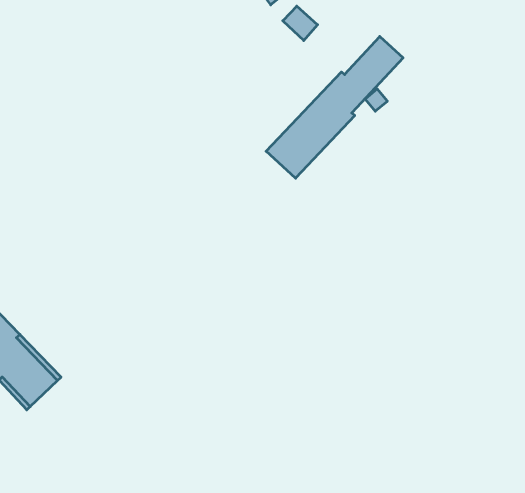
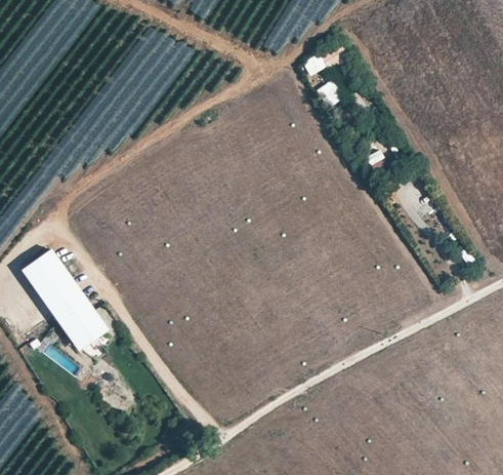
building: [266,36,403,178] -> none

